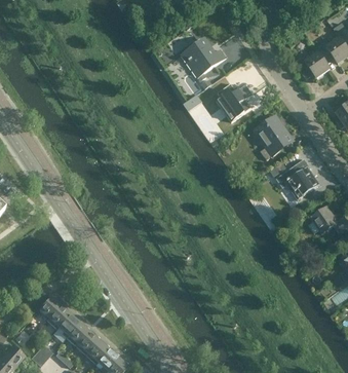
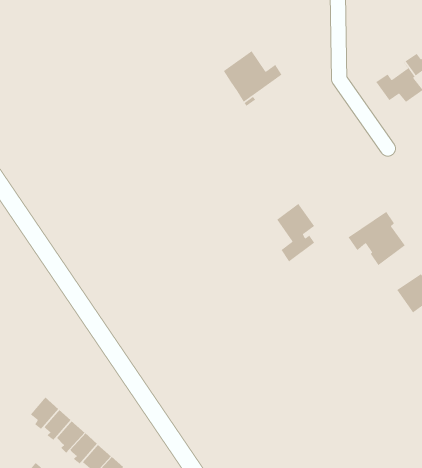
building: [217,82,252,120] -> none
building: [258,115,286,159] -> [276,203,315,262]

